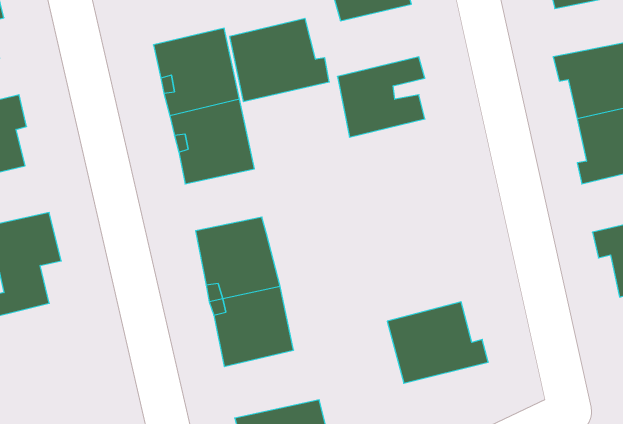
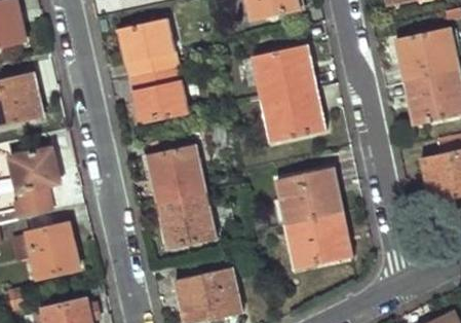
building: [230,18,329,102] -> [255,83,322,140]
building: none -> [270,163,333,221]
building: none -> [26,224,78,275]

